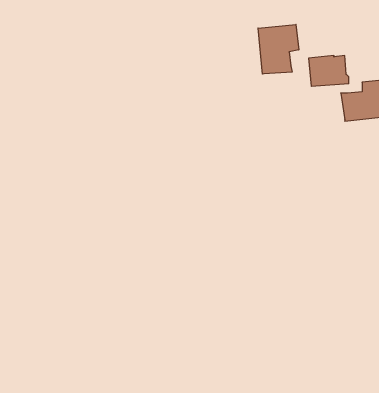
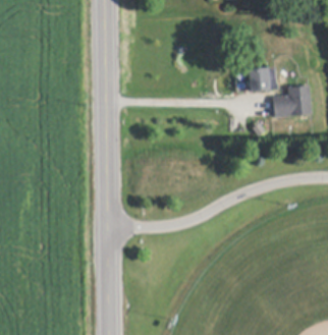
building: [258,24,299,74] -> none

